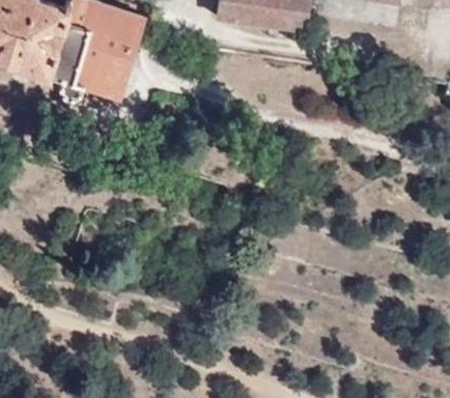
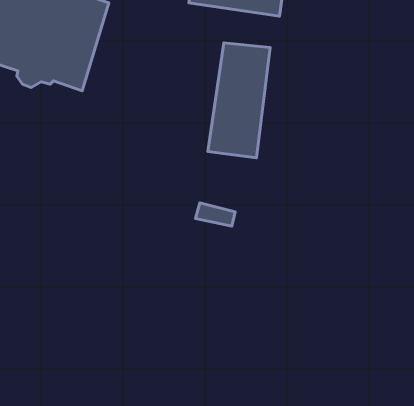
building: none -> [208,43,270,158]

